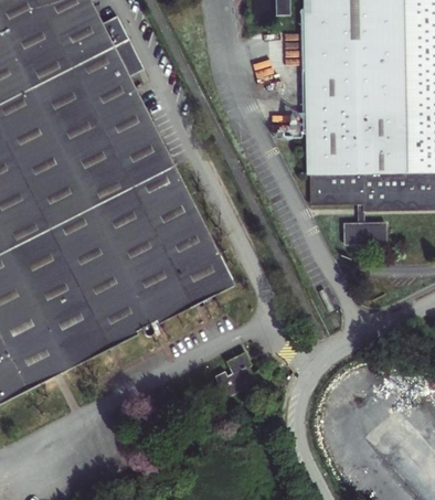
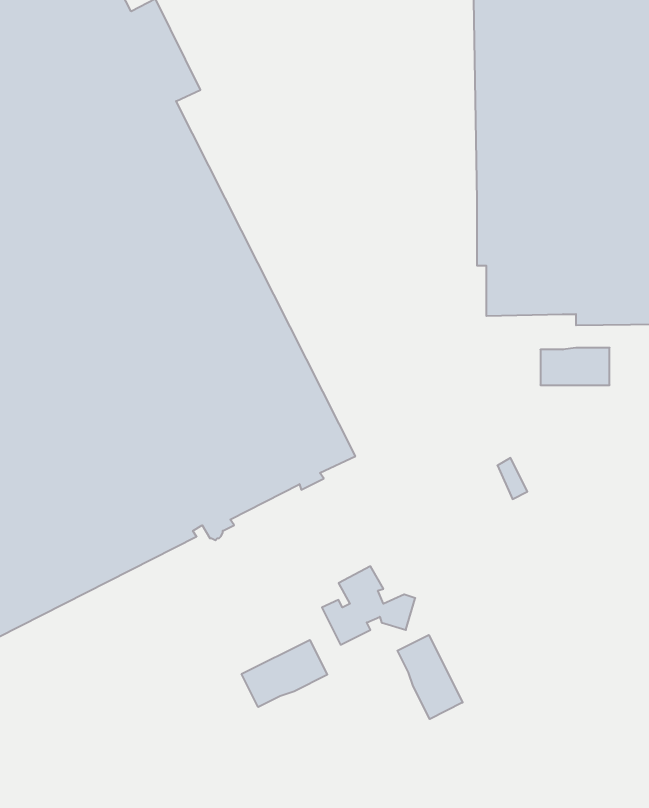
building: none -> [397,635,463,719]
building: none -> [242,640,327,707]

